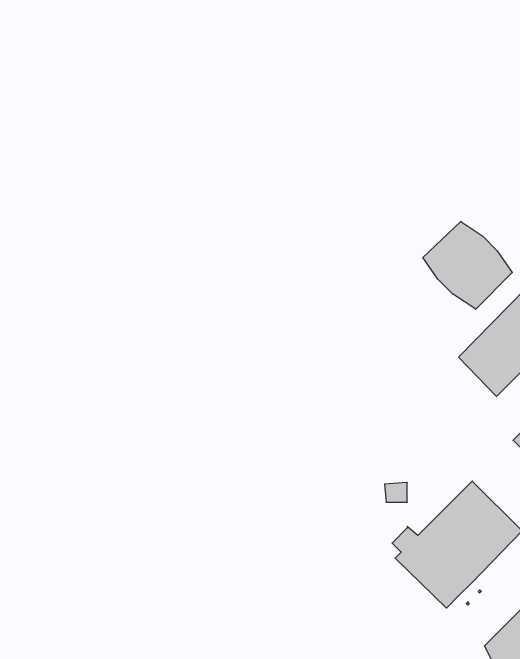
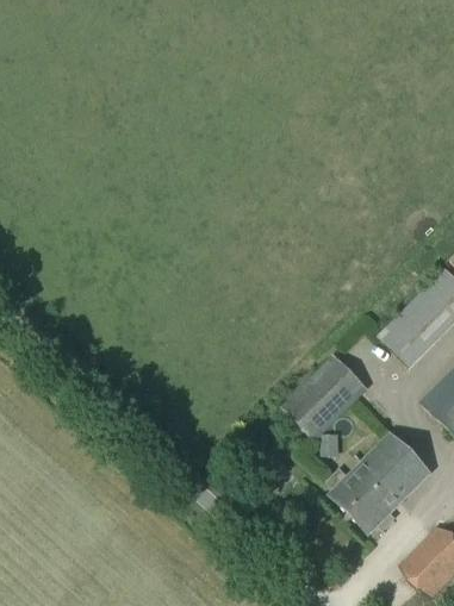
building: [423,221,512,309] -> none
building: none -> [281,355,367,439]

